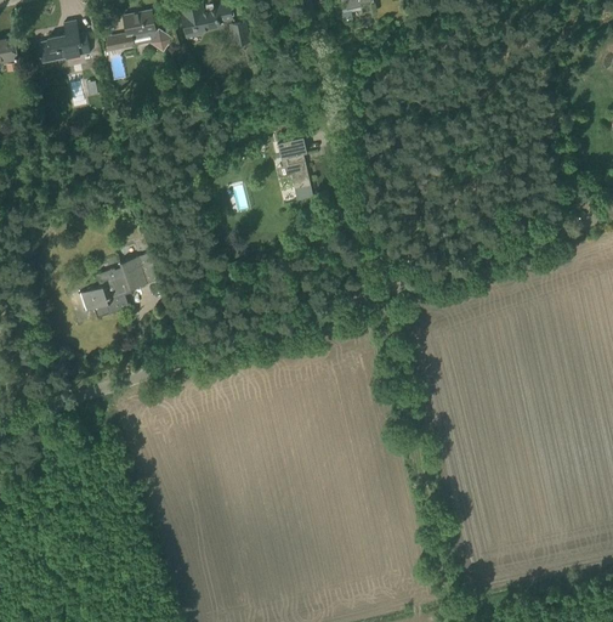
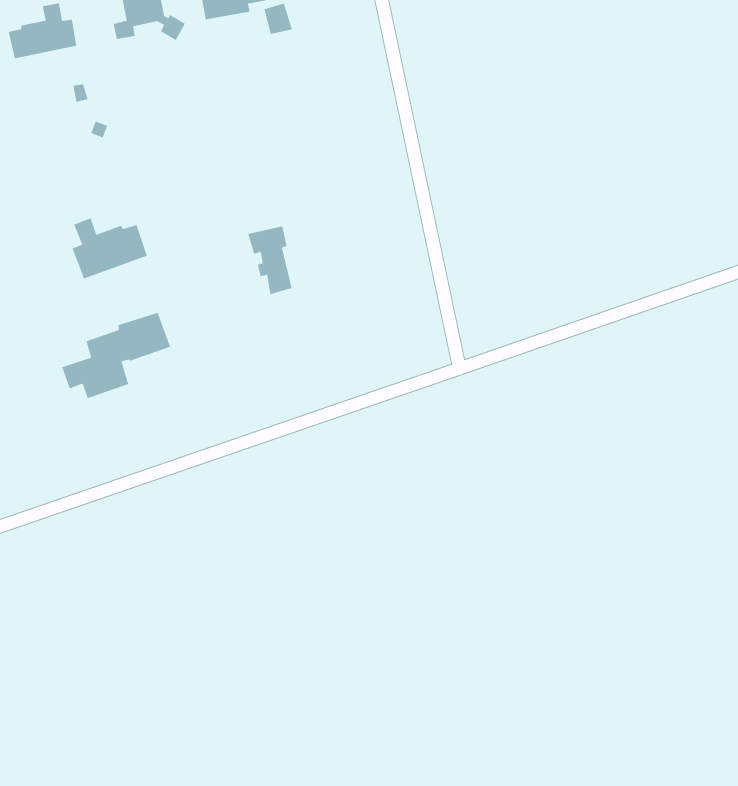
building: [276,137,310,190] -> [247,225,292,295]
building: none -> [71,217,148,279]

